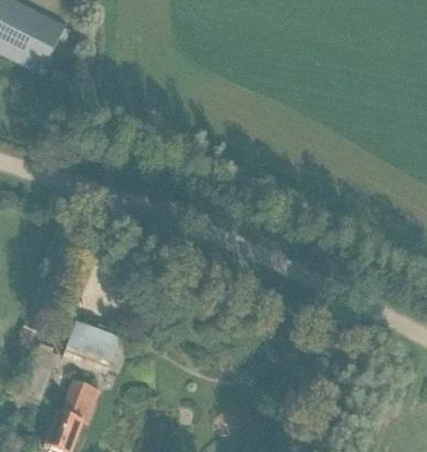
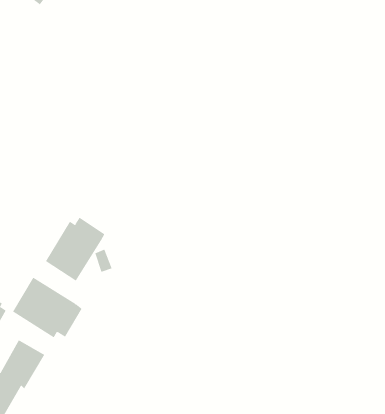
building: none -> [45,217,105,282]

